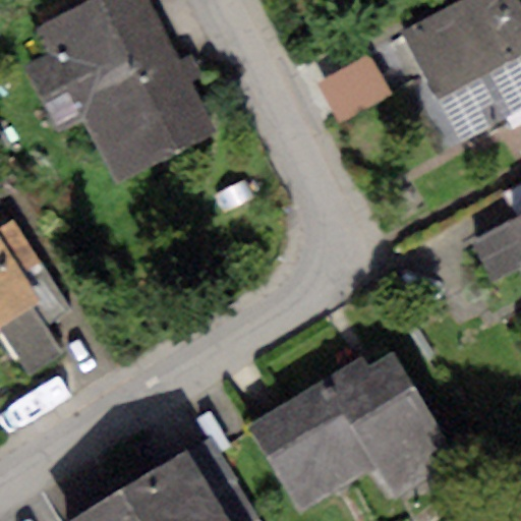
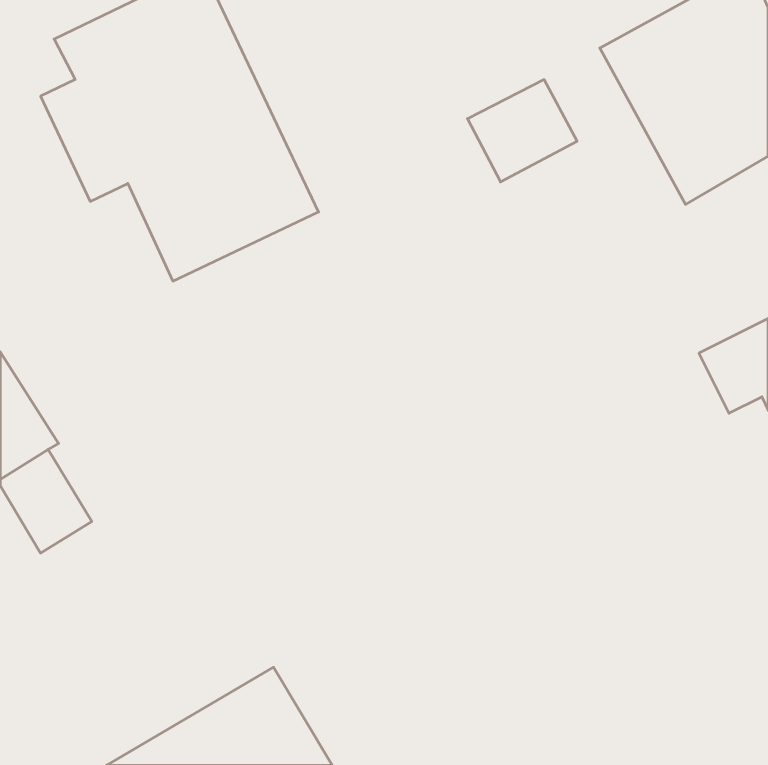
building: [248,348,458,514] -> none

